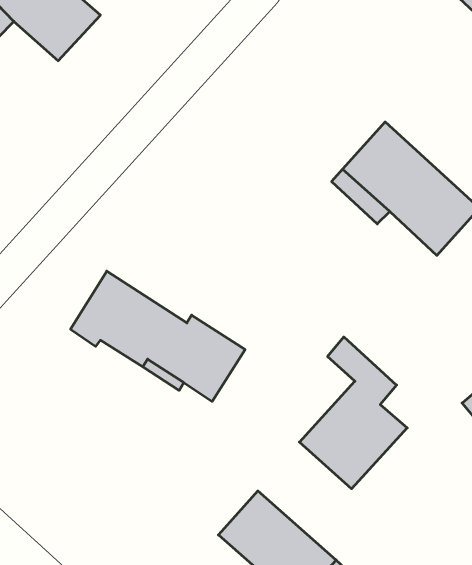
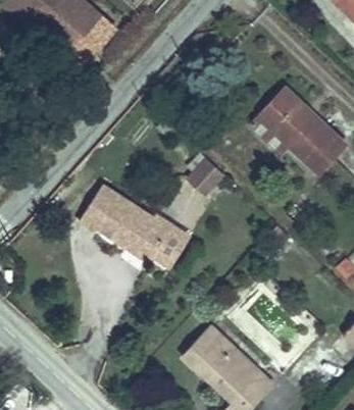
building: none -> [187,153,225,194]
building: [299,337,407,489] -> none

